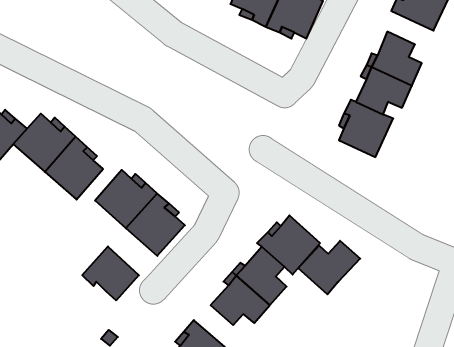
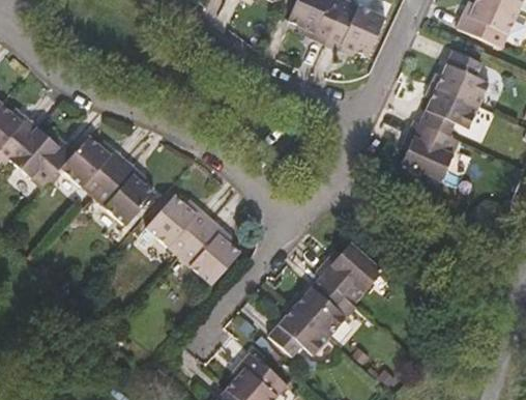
building: [298,241,360,294] -> none
building: [82,246,139,300] -> none

